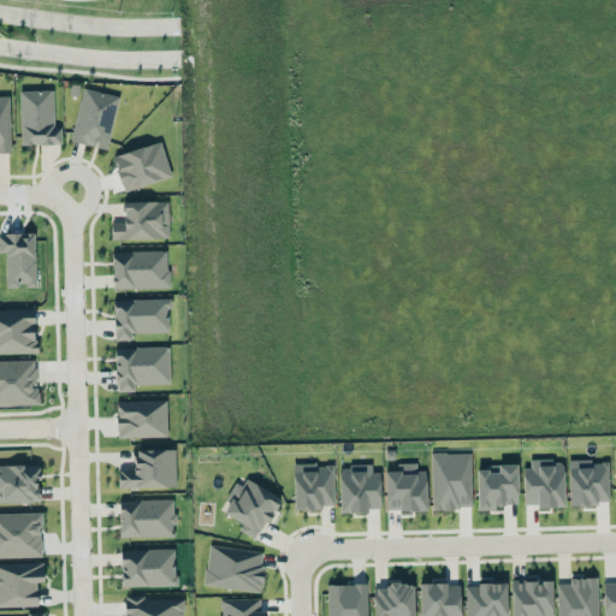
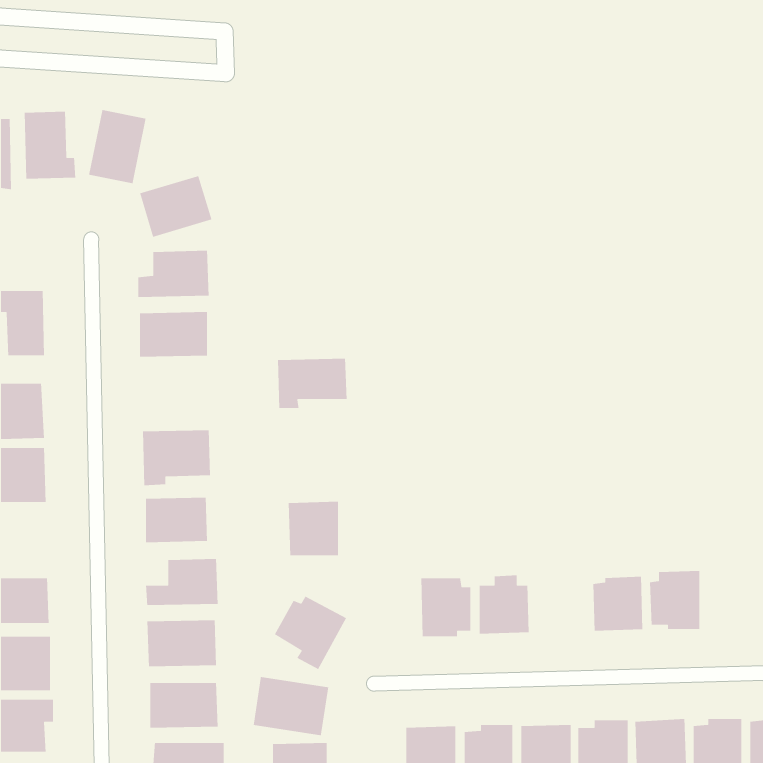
building: [114,300,171,340] -> [277,358,347,409]
building: [432,452,473,510] -> none
building: [569,461,610,505] -> none
building: [294,464,334,509] -> [288,501,339,556]

